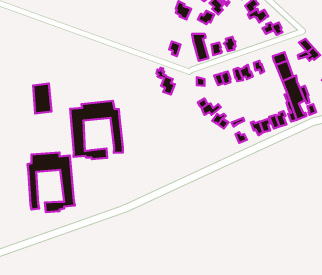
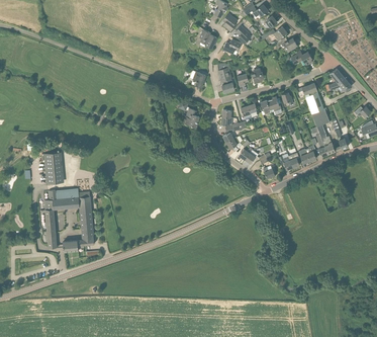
building: [33,83,52,113] -> [44,153,64,184]
building: [70,101,123,159] -> none

